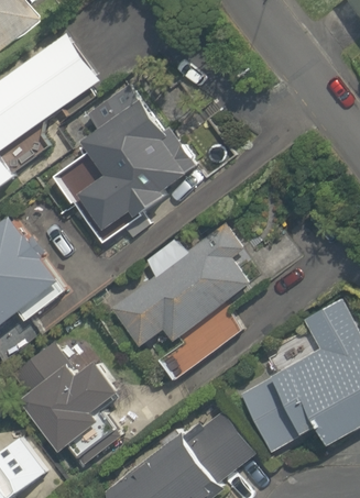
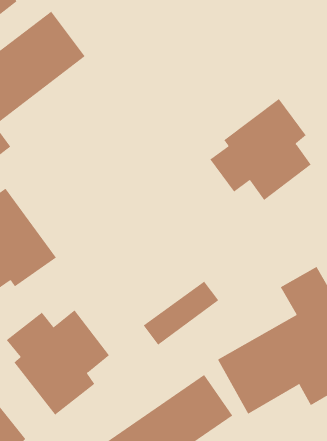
building: [73,102,194,239] -> none
building: none -> [209,98,311,201]
building: [113,230,252,350] -> none

